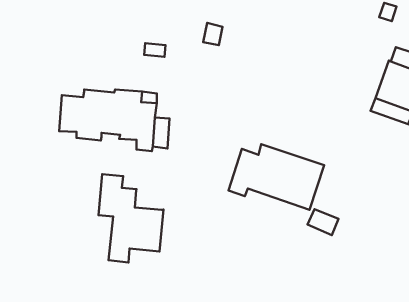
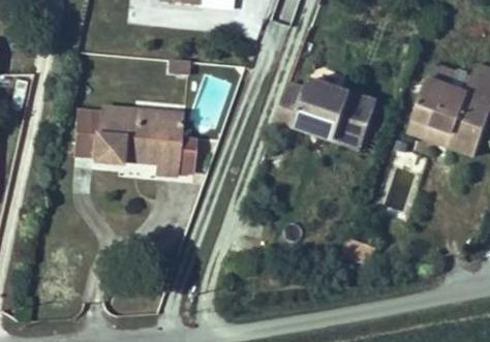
building: [228,144,324,210] -> [274,77,376,148]
building: [99,174,163,263] -> none

